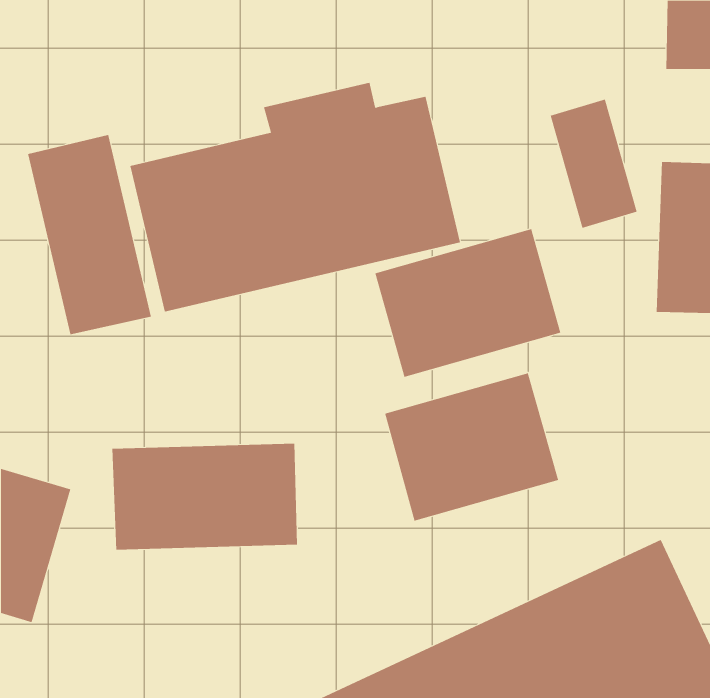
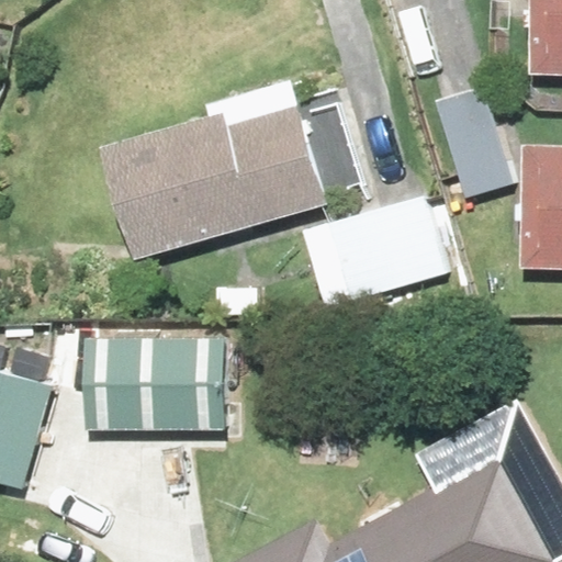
building: [28,134,151,335] -> none
building: [384,372,559,522] -> none

